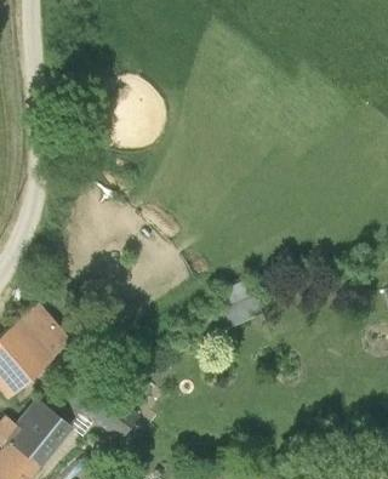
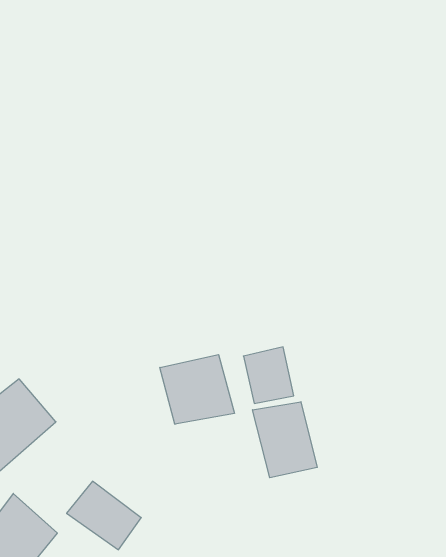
building: none -> [160,355,234,424]
building: none -> [253,402,317,478]

